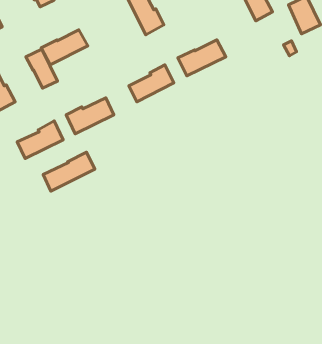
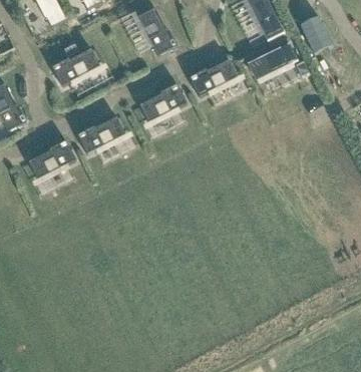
building: none -> [247,42,297,80]
building: [26,49,58,88] -> none
building: [43,152,95,191] -> none

